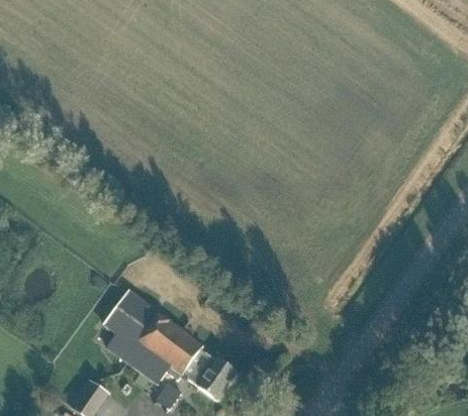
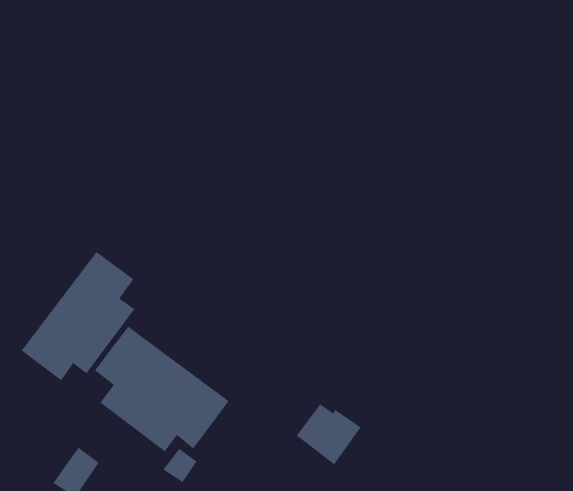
building: none -> [21,251,135,381]
building: [188,355,238,402] -> [296,403,361,465]

